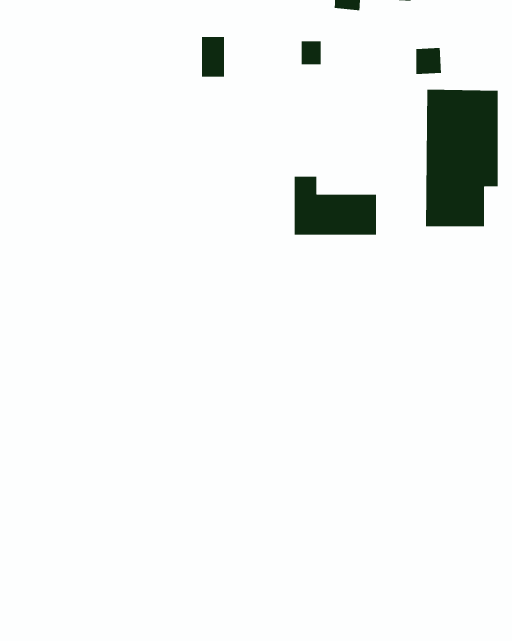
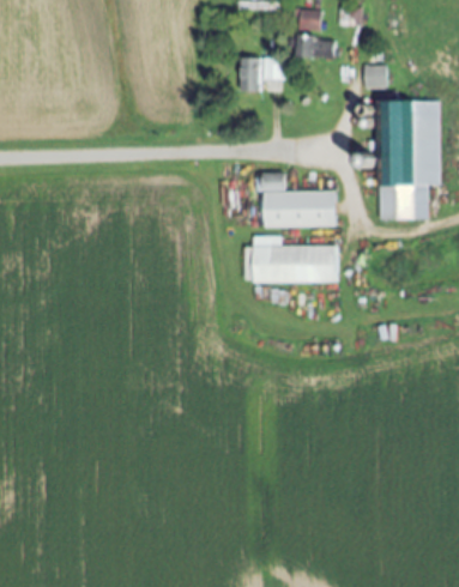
building: none -> [296,34,337,59]
building: [201,36,225,78] -> [241,56,261,92]
building: none -> [253,237,337,283]

